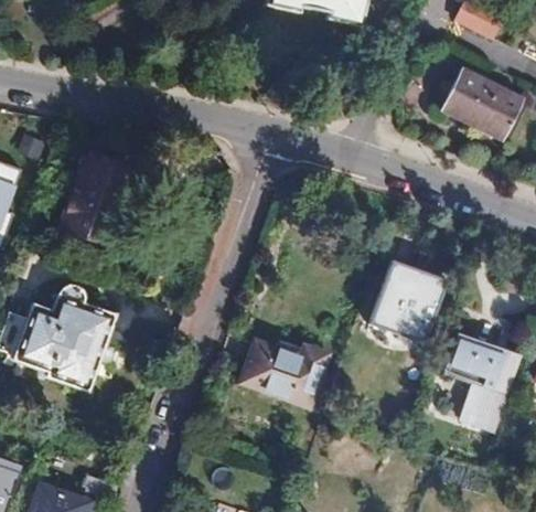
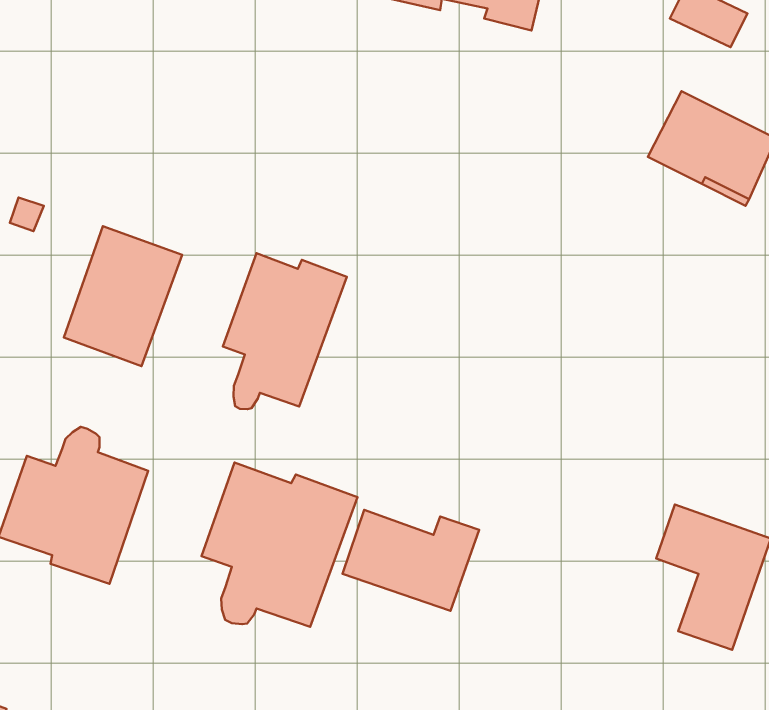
building: none -> [223,253,347,409]
building: [368,260,447,344] -> none
building: none -> [202,463,358,627]

